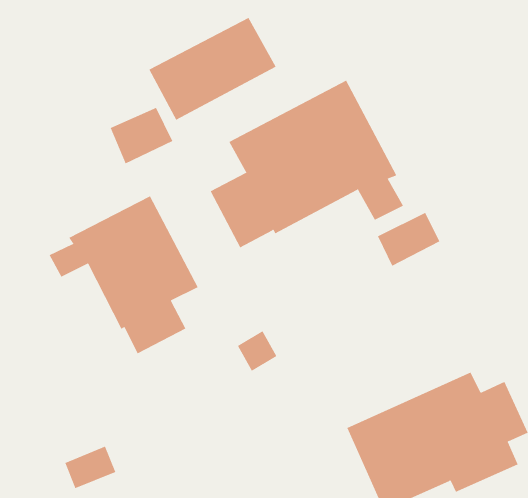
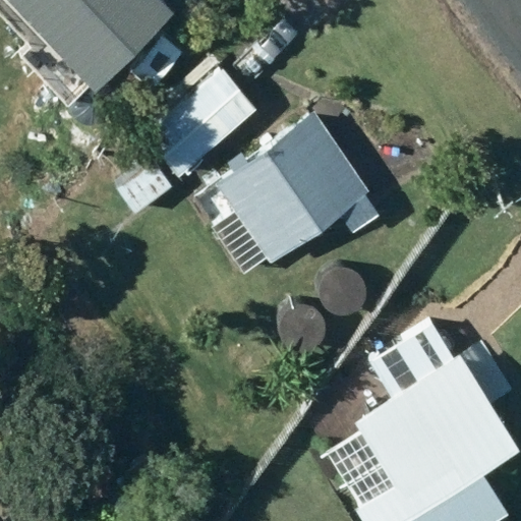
building: [49,195,198,354] -> none

